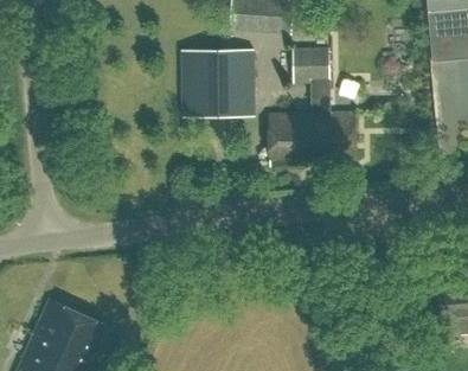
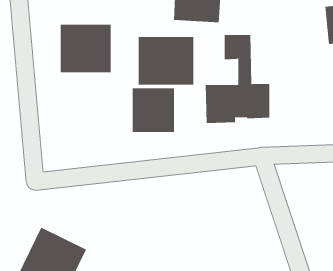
building: none -> [60,24,111,73]
building: none -> [132,88,174,133]

